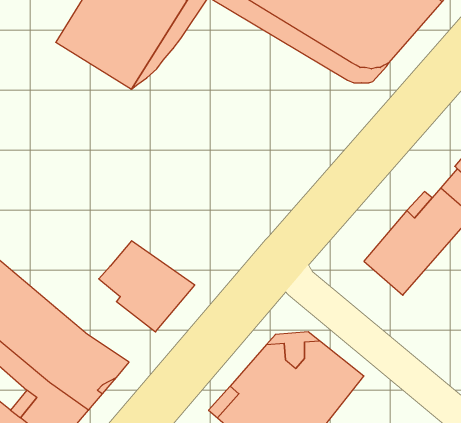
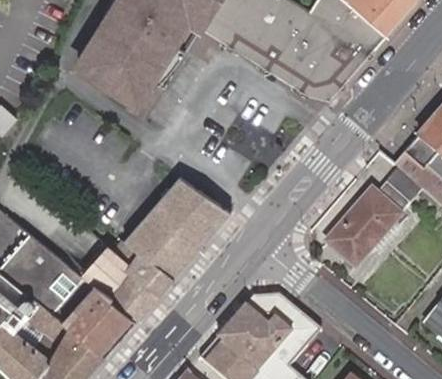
building: none -> [139,177,230,258]
building: none -> [79,249,158,319]

